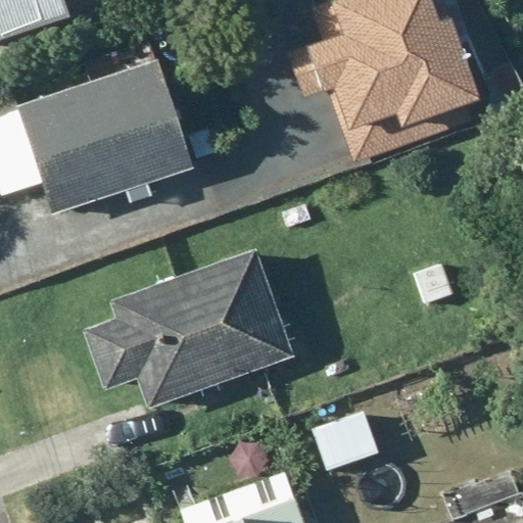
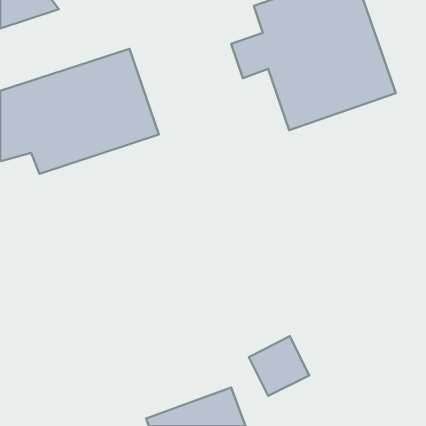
building: [81,251,290,409] -> none

